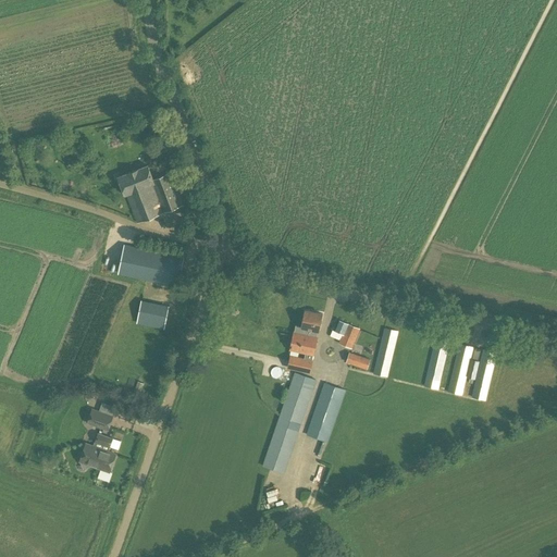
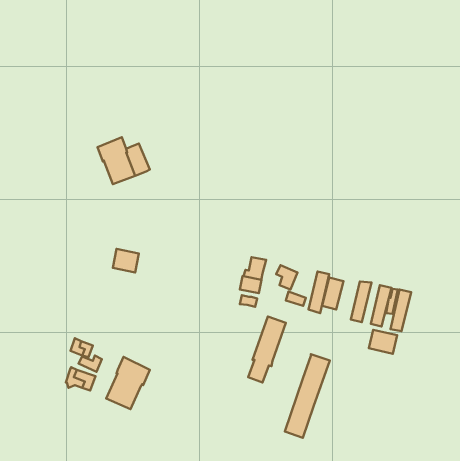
building: [117,245,183,286] -> none
building: none -> [322,277,343,310]
building: [261,372,315,473] -> [285,354,330,438]
building: none -> [369,330,397,354]
building: none -> [106,357,150,409]

